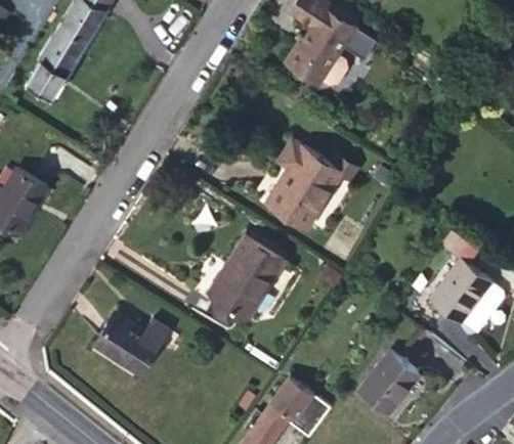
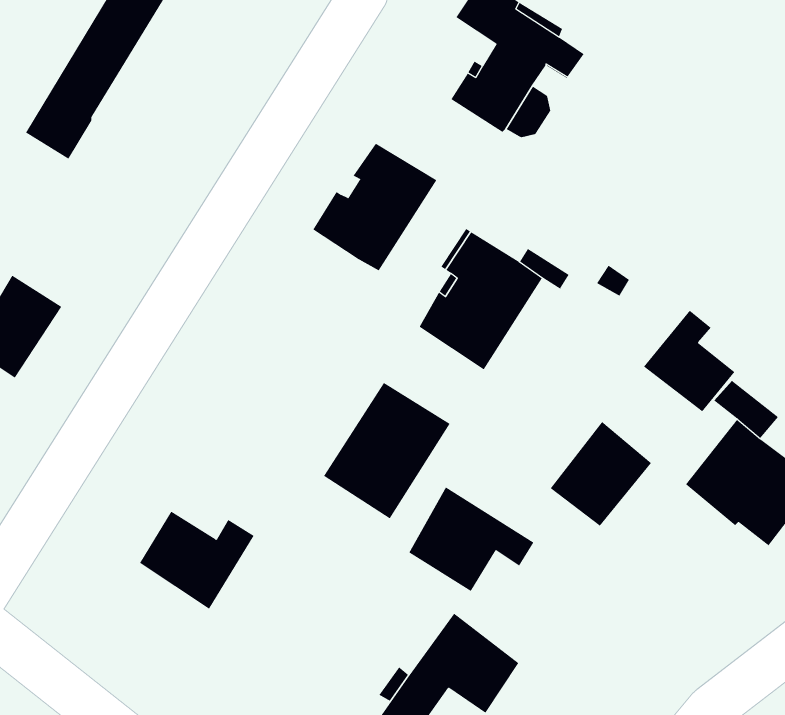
building: none -> [312,143,437,271]
building: none -> [643,310,735,412]
building: none -> [409,486,534,592]
building: [357,351,420,415] -> [550,421,652,527]

